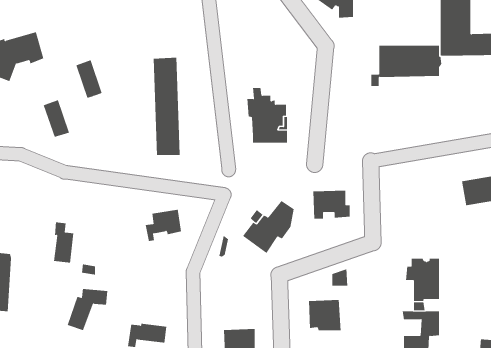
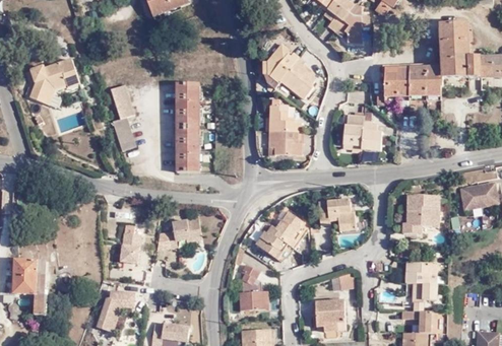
building: none -> [263,45,315,100]
building: none -> [341,109,379,160]
building: [43,99,70,137] -> [109,116,133,150]
building: none -> [404,195,440,233]
building: [53,222,74,263] -> [123,225,142,263]
building: none -> [242,261,264,307]

